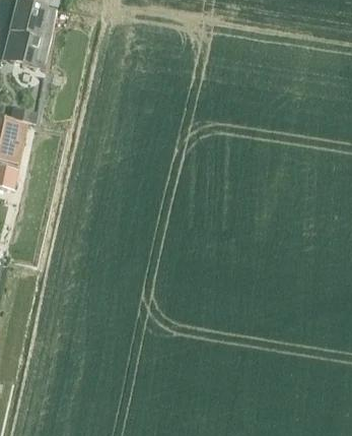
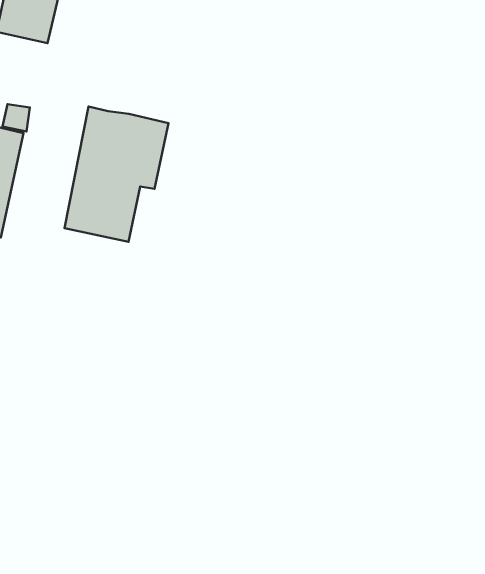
building: none -> [64,106,169,242]

